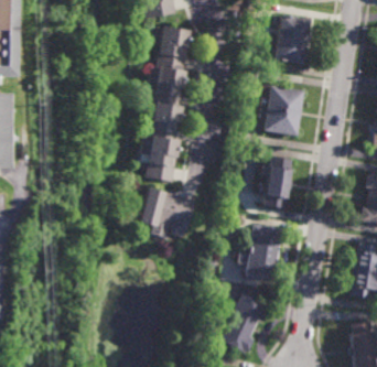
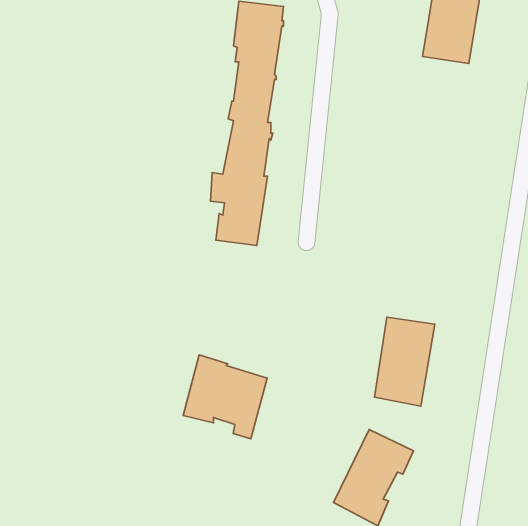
building: [262,83,303,133] -> none
building: [263,154,292,206] -> none
building: [140,184,192,236] -> [183,355,267,439]

